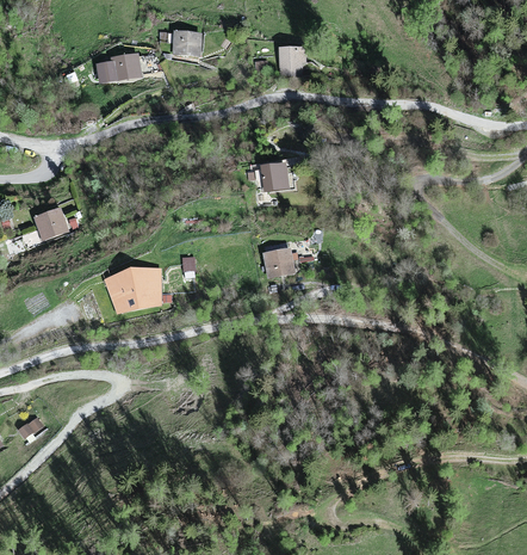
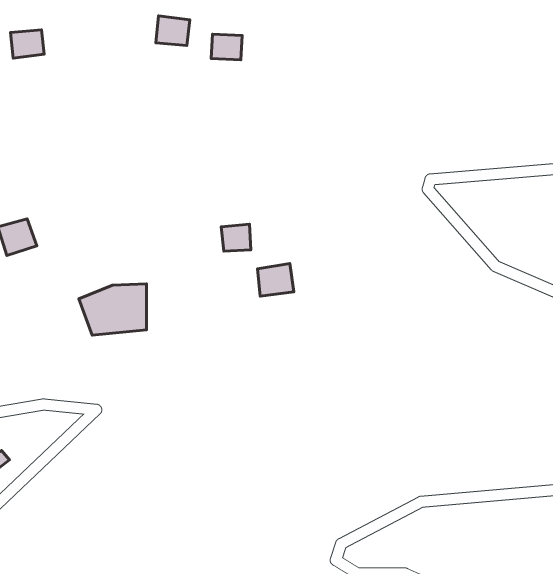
building: [278,47,305,69] -> [211,34,242,60]
building: [111,54,141,79] -> [10,30,44,58]
building: [261,165,287,189] -> [221,224,251,251]

